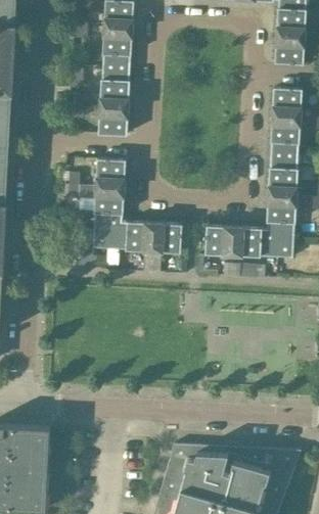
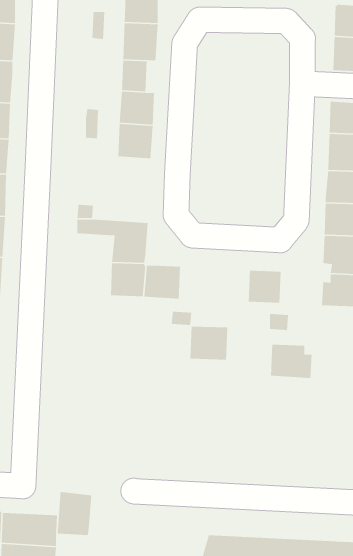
building: [95,159,125,188] -> none
building: [149,224,181,252] -> [190,326,228,361]
building: [232,228,267,256] -> [270,344,313,379]
building: none -> [57,491,92,536]

